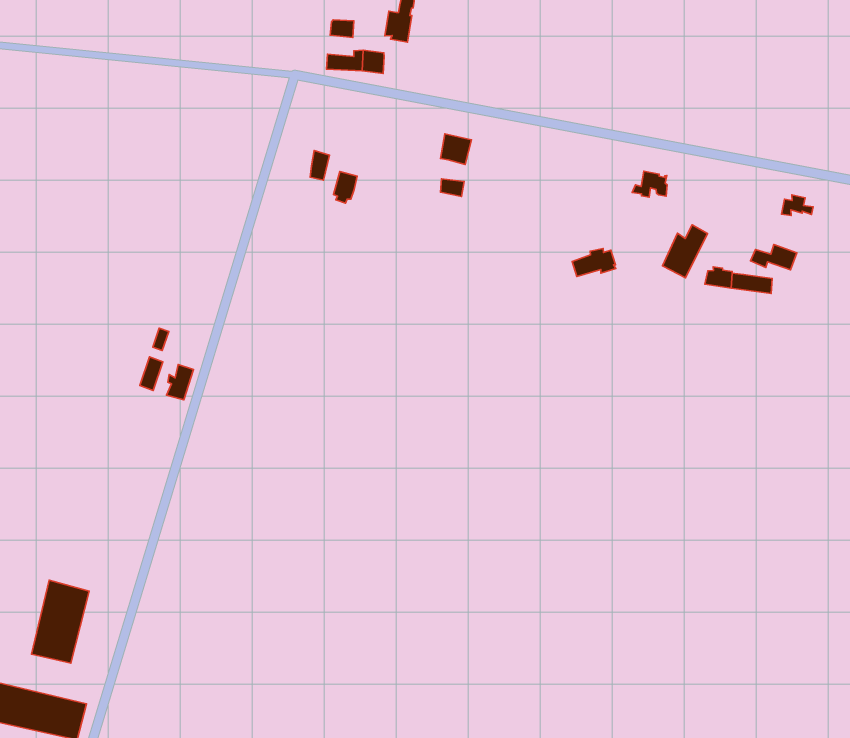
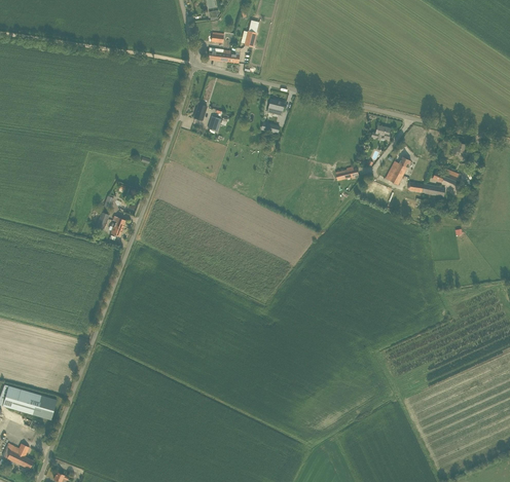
building: [32,580,89,663] -> none

